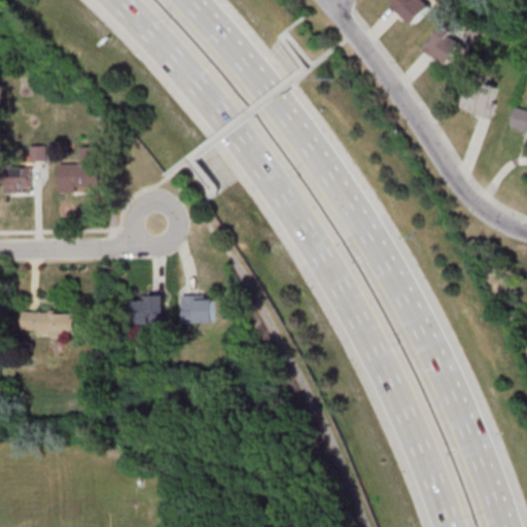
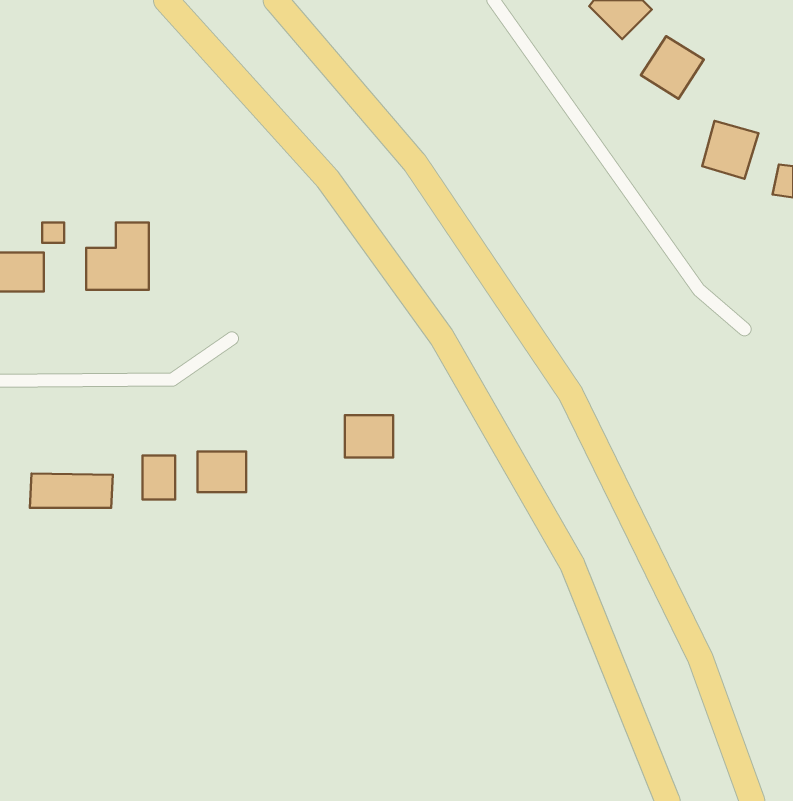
building: [180,294,212,322] -> [345,415,393,457]
building: none -> [142,456,175,499]

